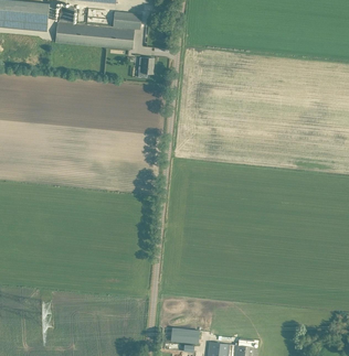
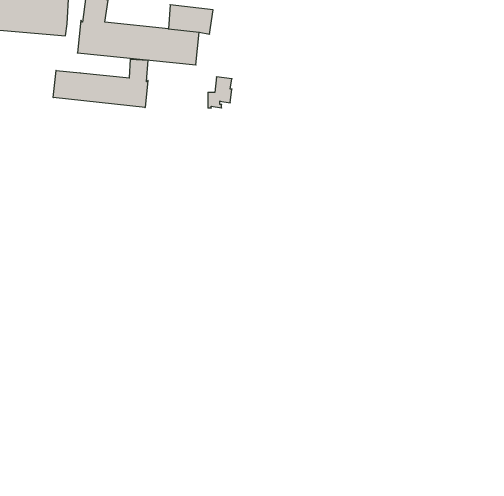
building: none -> [53,59,148,108]

